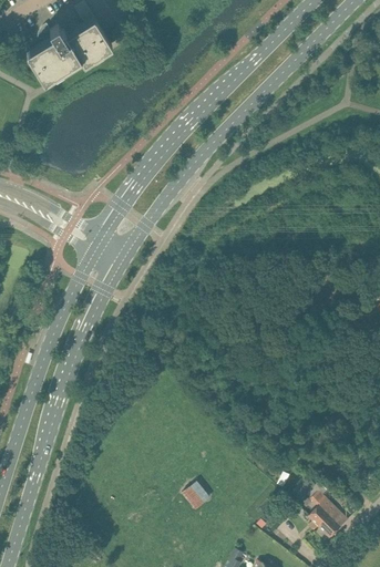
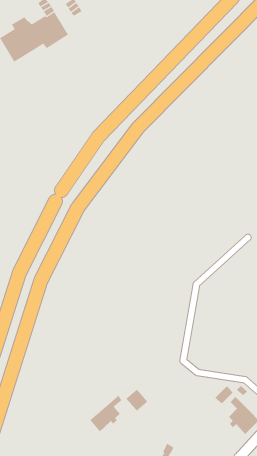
building: none -> [89,395,122,432]

